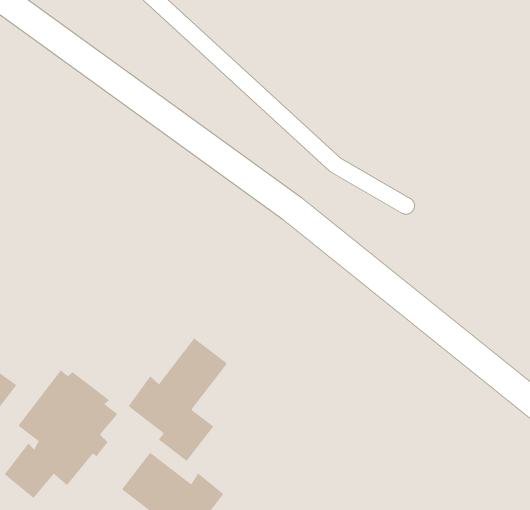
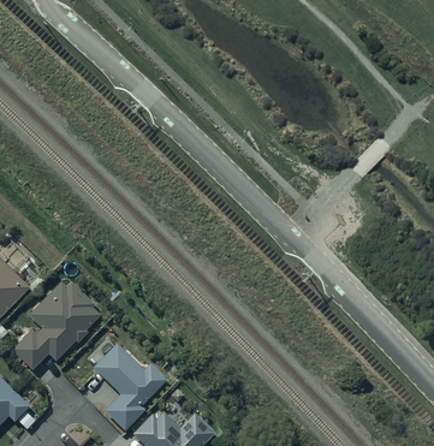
building: [128,337,228,462] -> none

